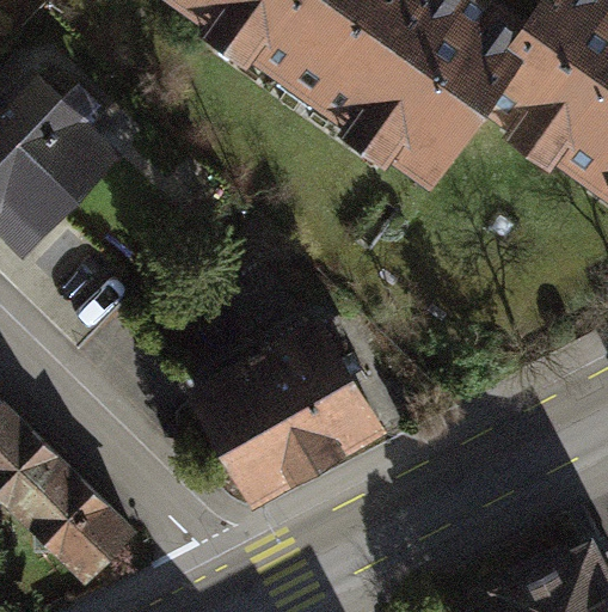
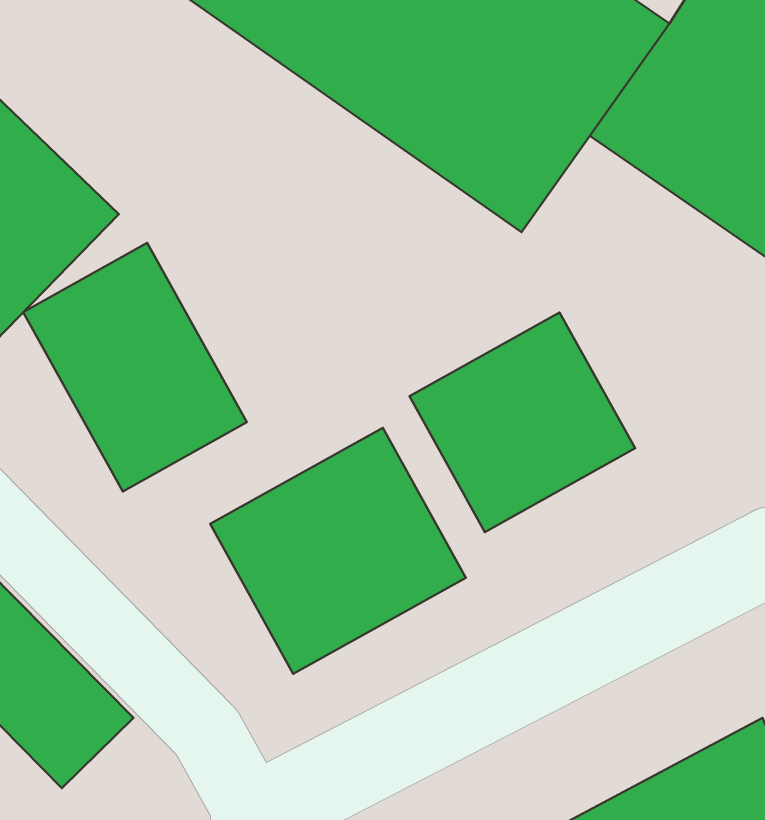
building: none -> [23,243,247,492]
building: none -> [409,312,635,532]

